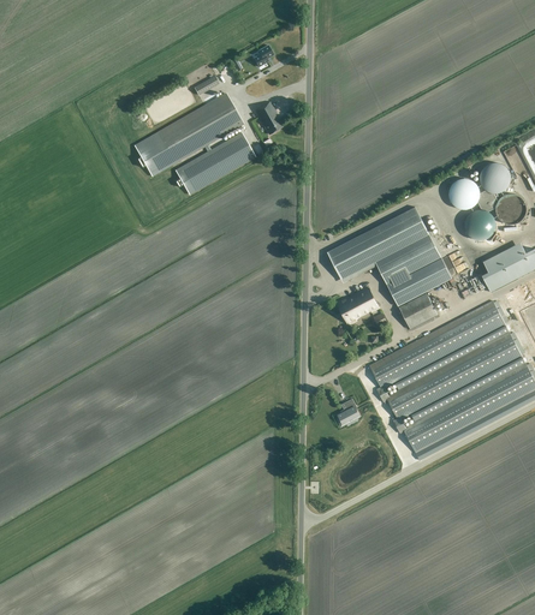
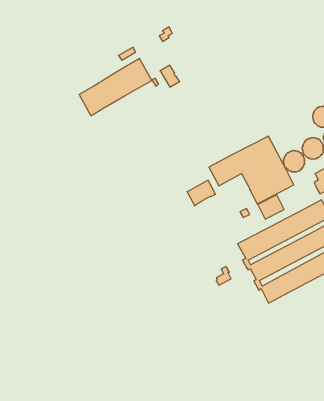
building: [176,133,255,195] -> none
building: [448,178,480,209] -> [283,150,305,172]
building: [337,287,379,324] -> [187,180,216,206]

